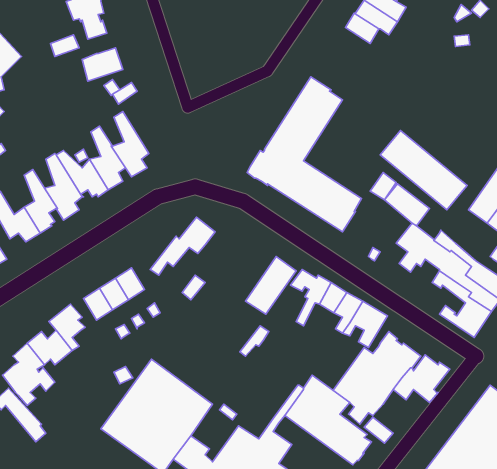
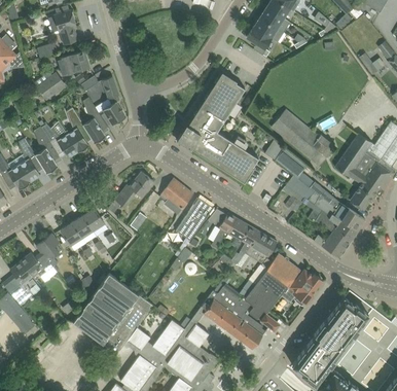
building: none -> [35,73,64,100]
building: none -> [102,77,125,126]
building: none -> [161,179,192,213]

